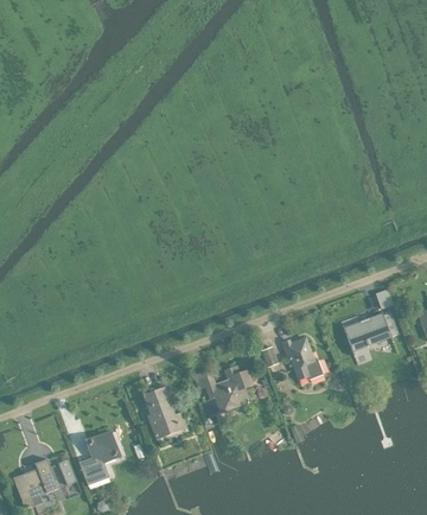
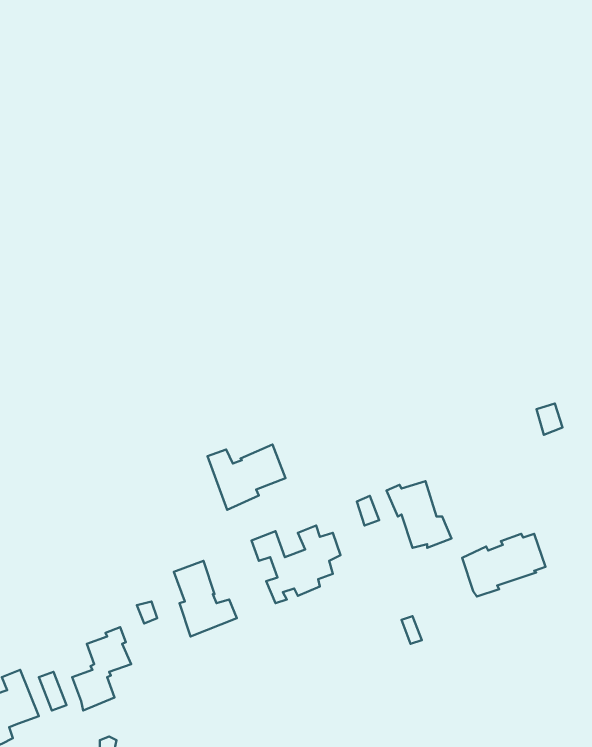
building: [344,312,397,352] -> [462,534,545,597]
building: none -> [208,444,285,510]

